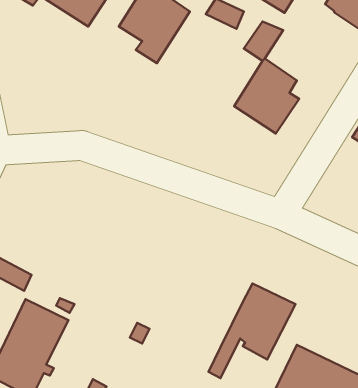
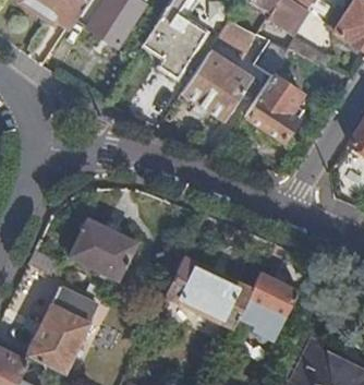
building: none -> [182,50,250,119]
building: none -> [70,219,137,279]
building: none -> [166,256,253,329]

